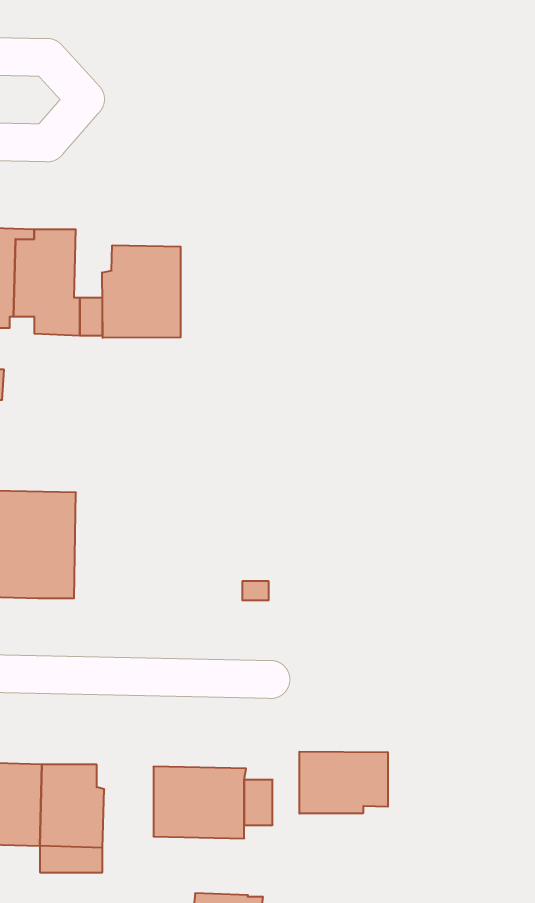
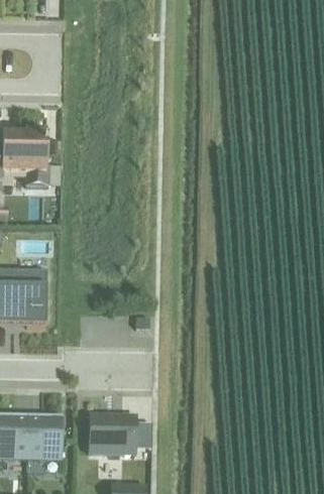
building: [102,245,181,338] -> none
building: [299,752,388,814] -> none

